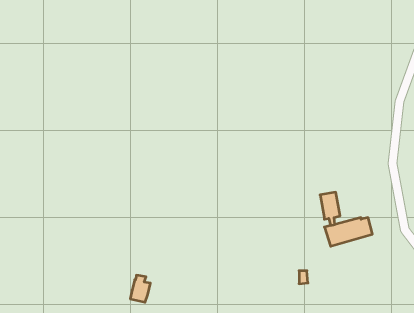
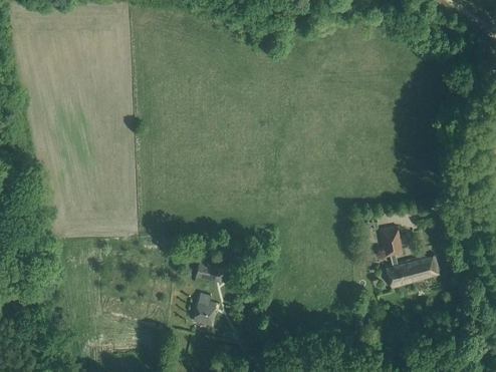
building: none -> [198,260,225,281]
building: [130,275,150,302] -> [195,294,218,325]

